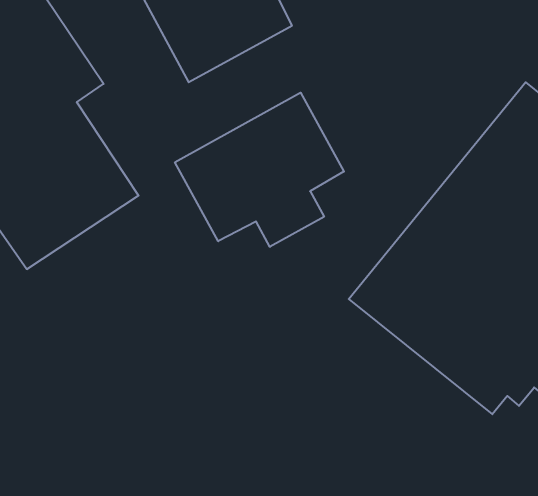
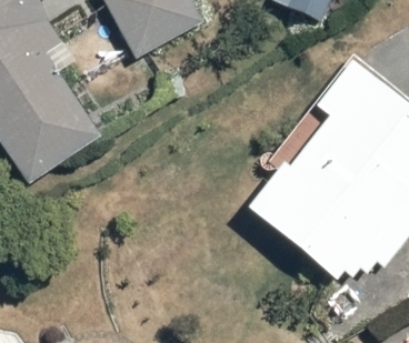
building: [175,93,344,247] -> none

